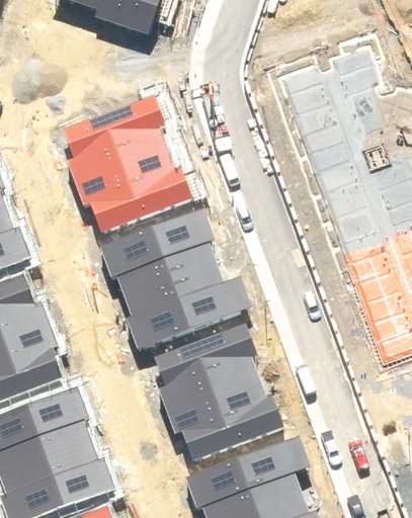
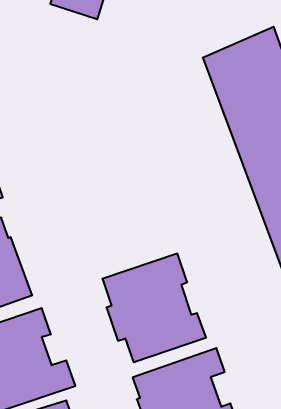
building: [62,93,189,228] -> none
building: [106,214,249,346] -> none

